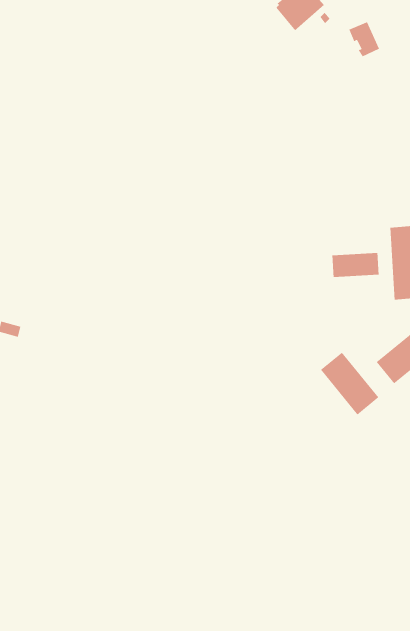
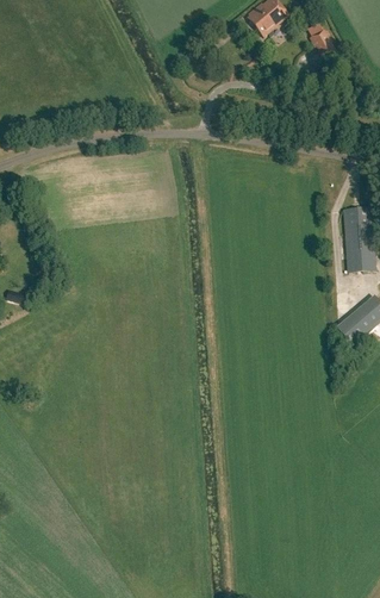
building: [332,252,379,278] -> none
building: [320,352,379,415] -> none

